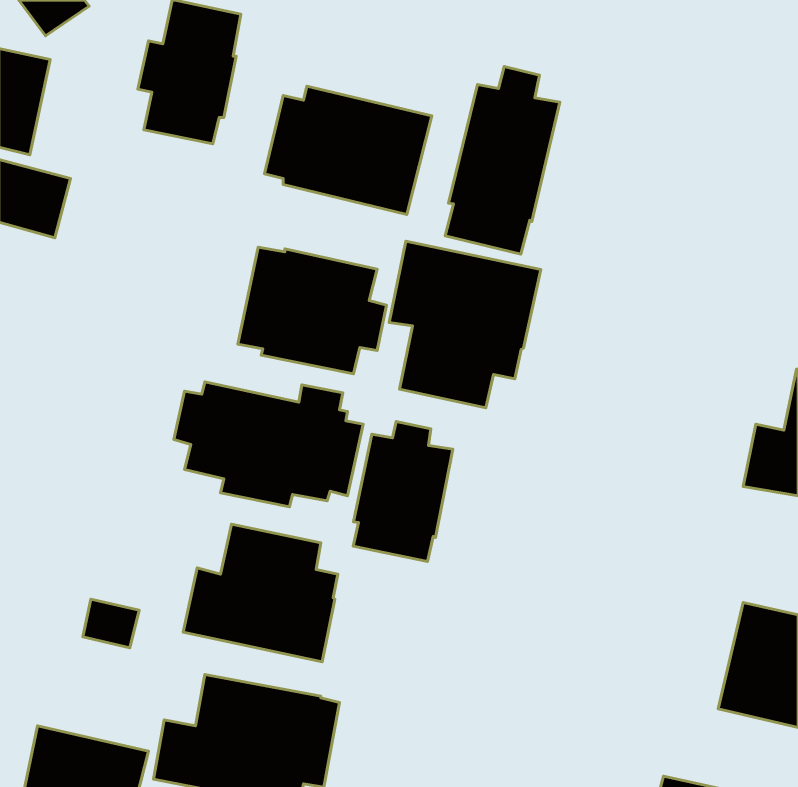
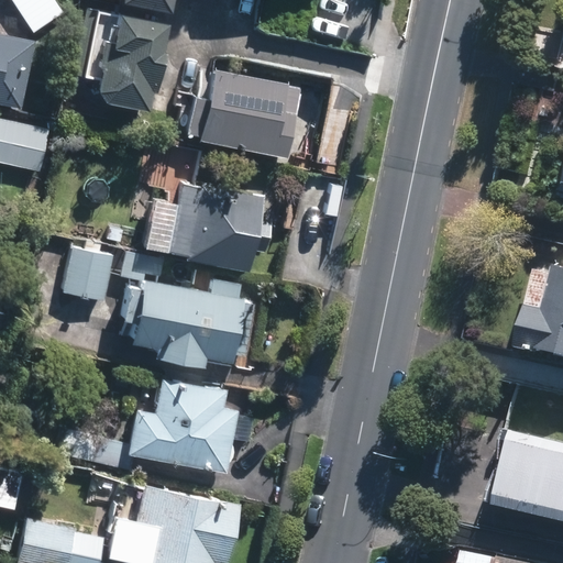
building: [445,67,560,254] -> none
building: [389,241,541,408] -> none
building: none -> [62,249,112,302]
building: [353,422,453,562] -> none

